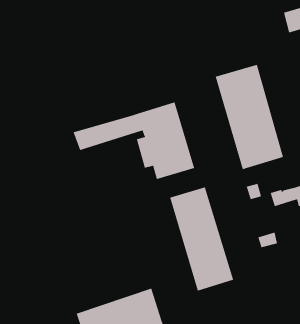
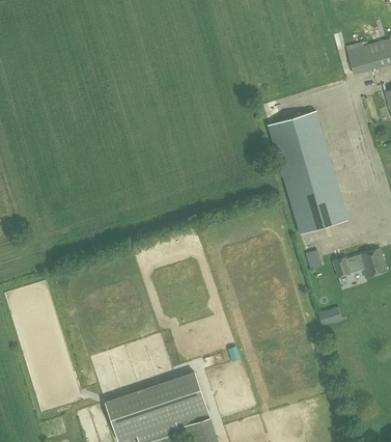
building: [73,101,195,180] -> none
building: [169,187,234,291] -> none

